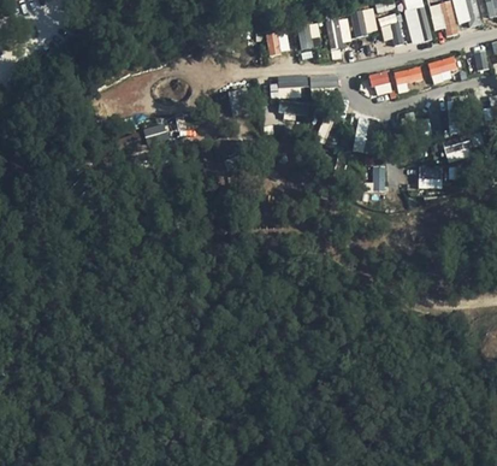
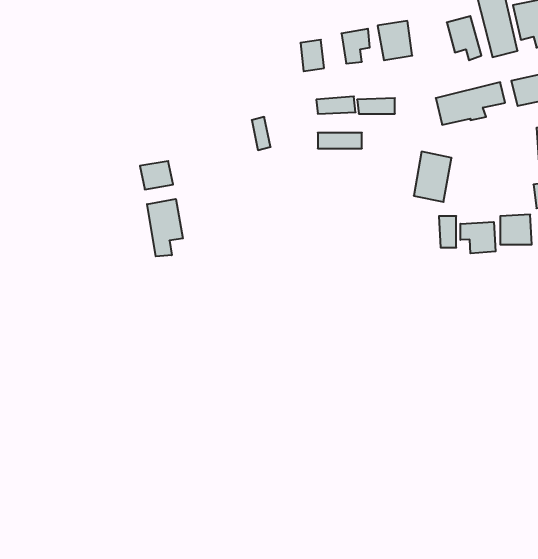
building: [350,8,377,36] -> none
building: none -> [147,199,183,256]
building: none -> [460,222,496,253]

